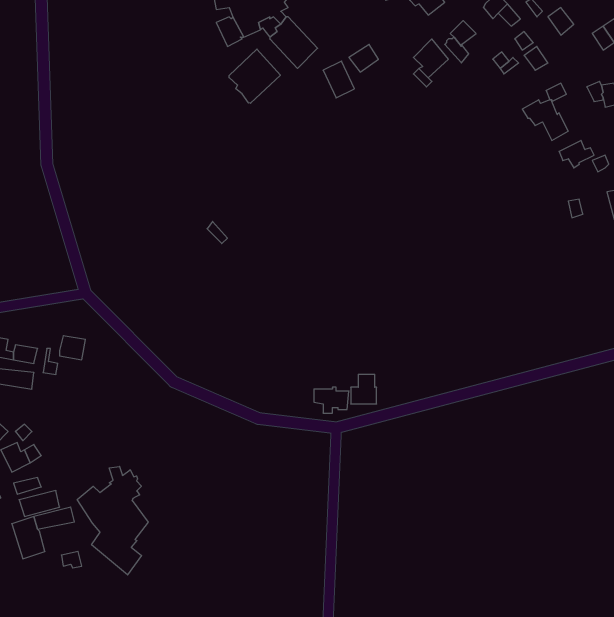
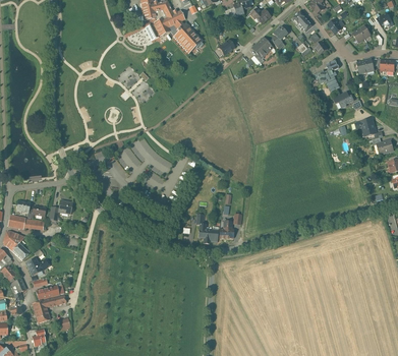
building: [229,49,280,103] -> none
building: [77,466,148,575] -> none

